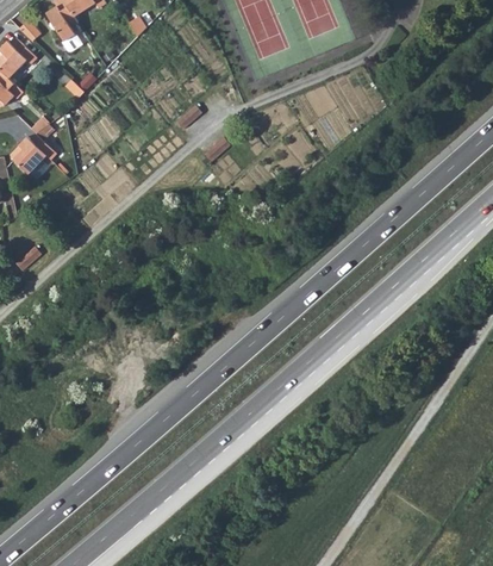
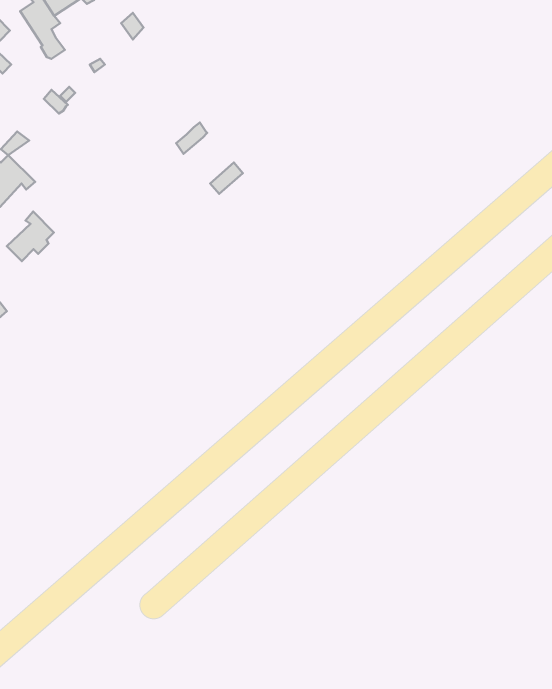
building: none -> [7,212,54,261]

